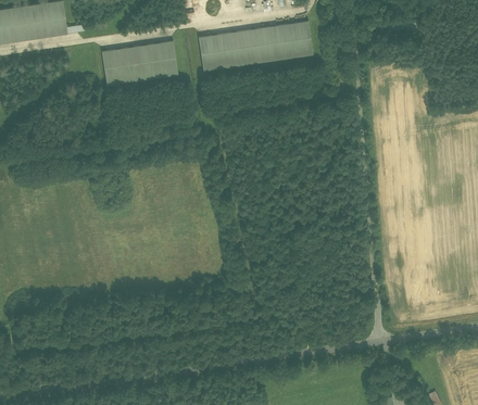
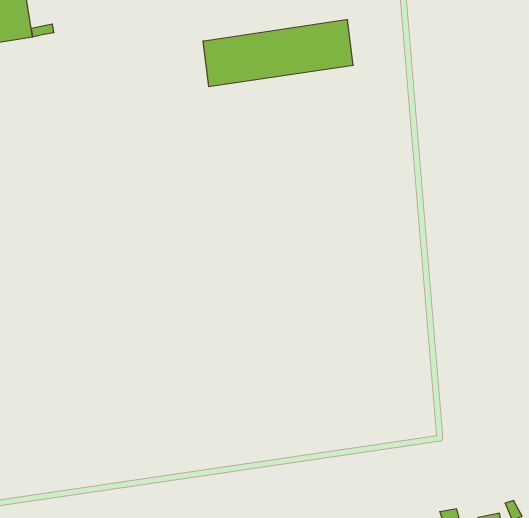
building: [101,40,178,85] -> none

